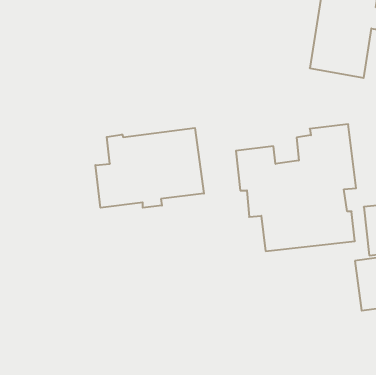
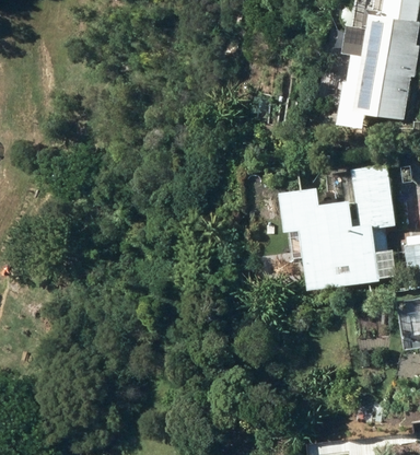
building: [95,128,204,208] -> none

